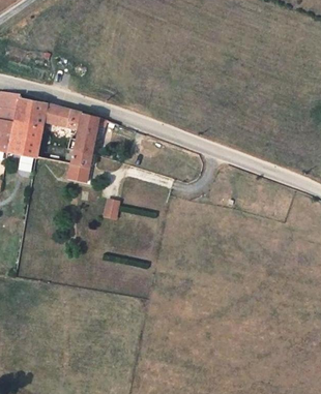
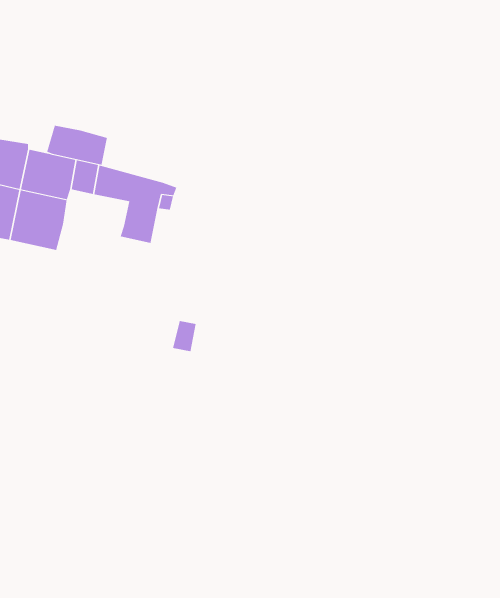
building: none -> [46,125,108,165]
building: [67,149,91,181] -> none

